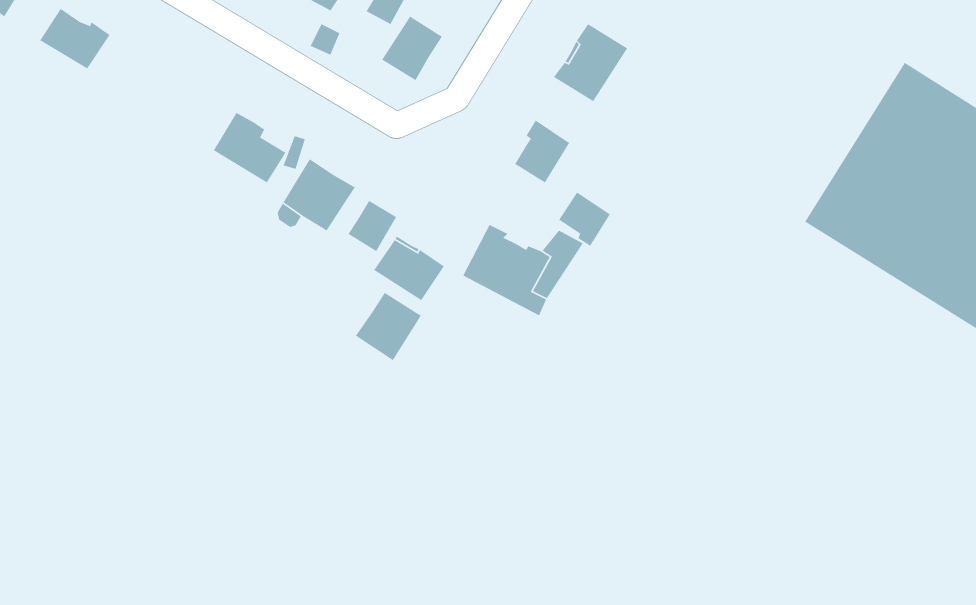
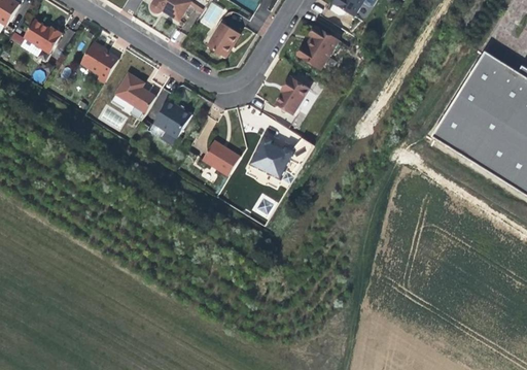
building: none -> [81,41,119,83]
building: [558,192,611,247] -> none
building: [347,200,397,252] -> none
building: [355,292,422,361] -> none

